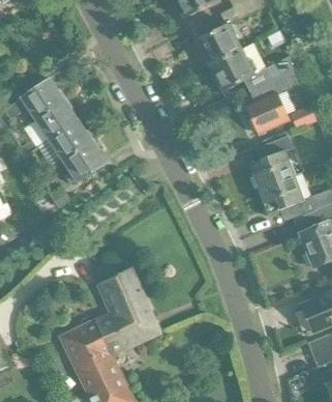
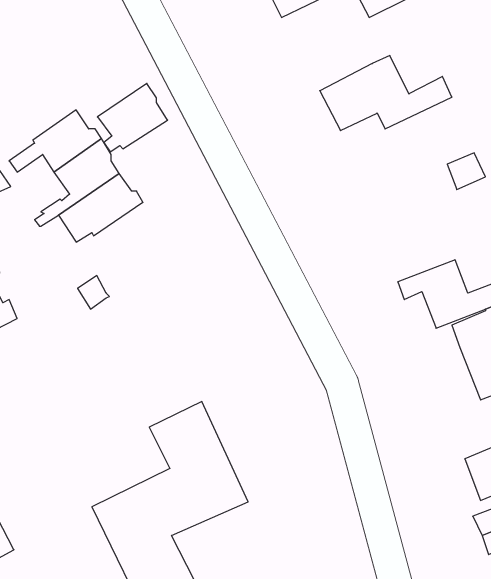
building: [194,24,242,66] -> none
building: [246,70,301,133] -> none
building: [248,137,296,191] -> none
building: [61,139,107,183] -> [97,83,168,152]

